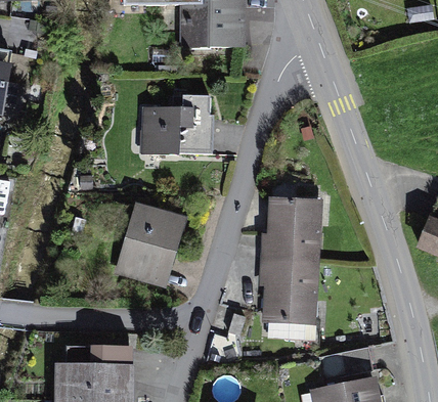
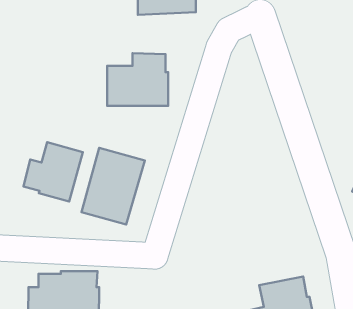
building: [258,194,323,325] -> none
building: none -> [24,142,83,201]

